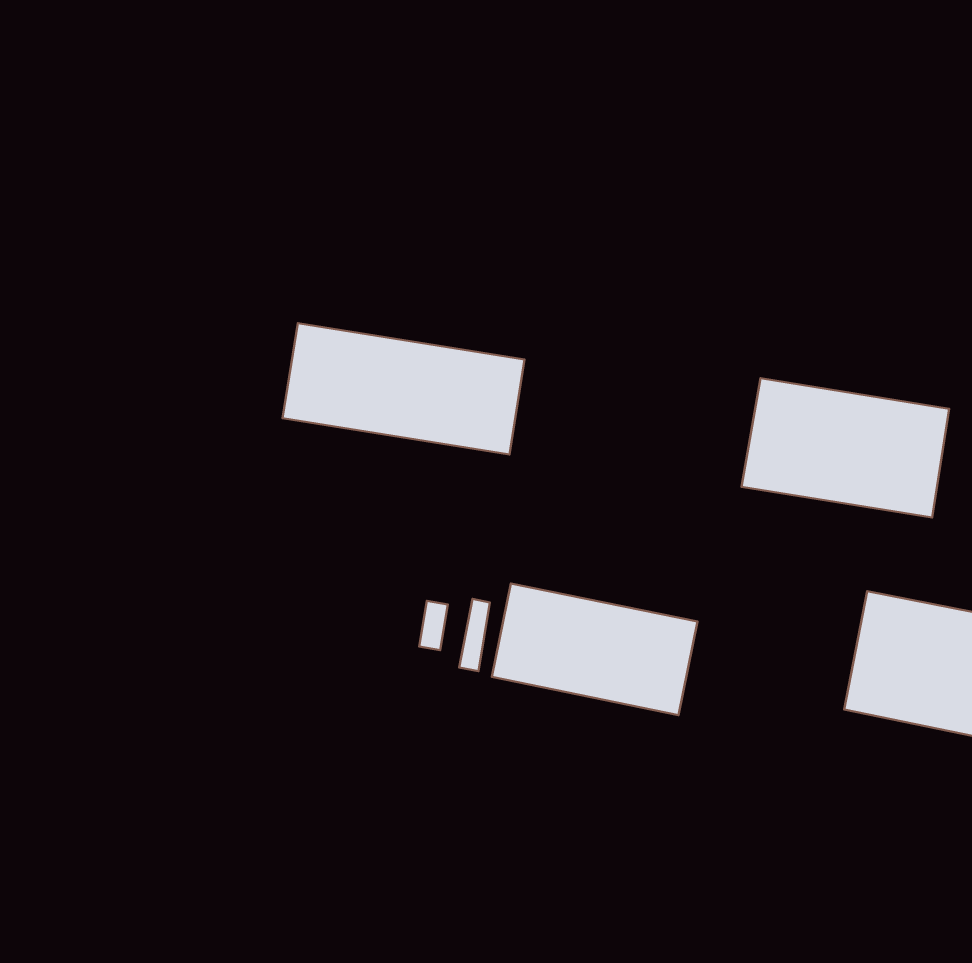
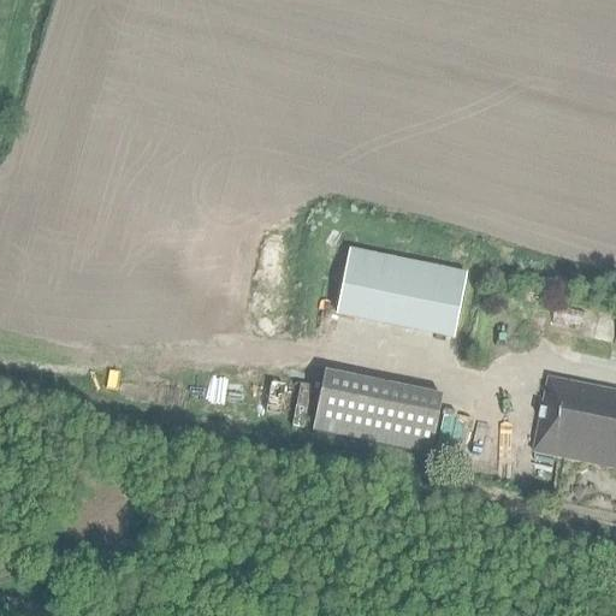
building: [283,323,525,454] -> none
building: [742,378,949,517] -> [337,248,468,336]

